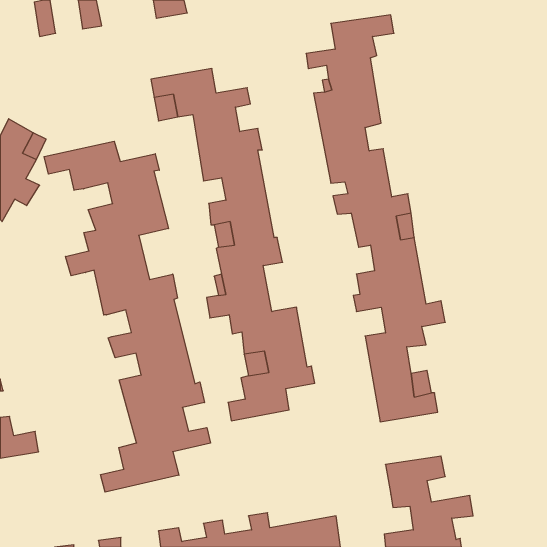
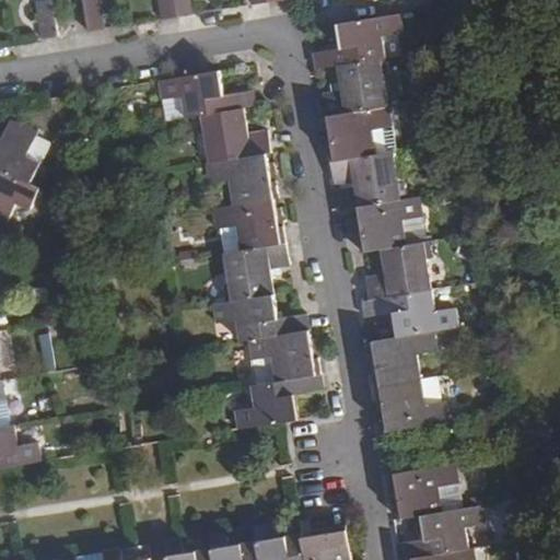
building: [44,141,210,492] -> none

